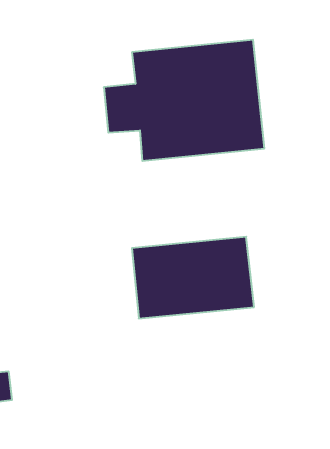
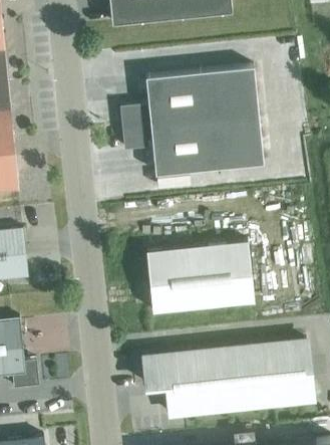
building: none -> [143,341,312,415]

